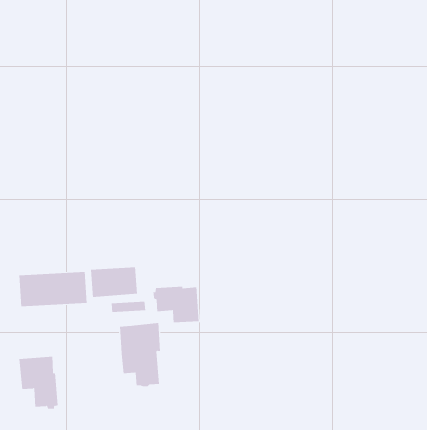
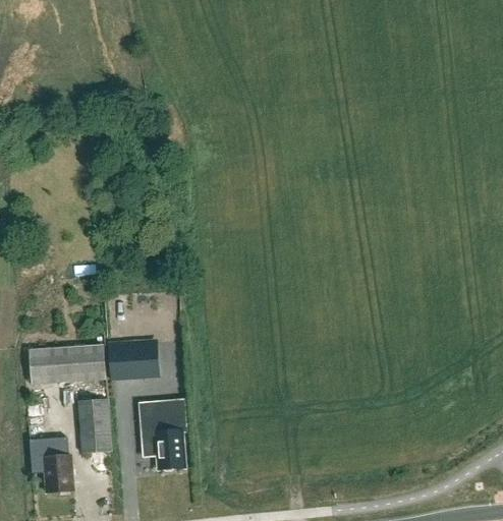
building: [153,286,199,323] -> none
building: none -> [79,398,111,452]

